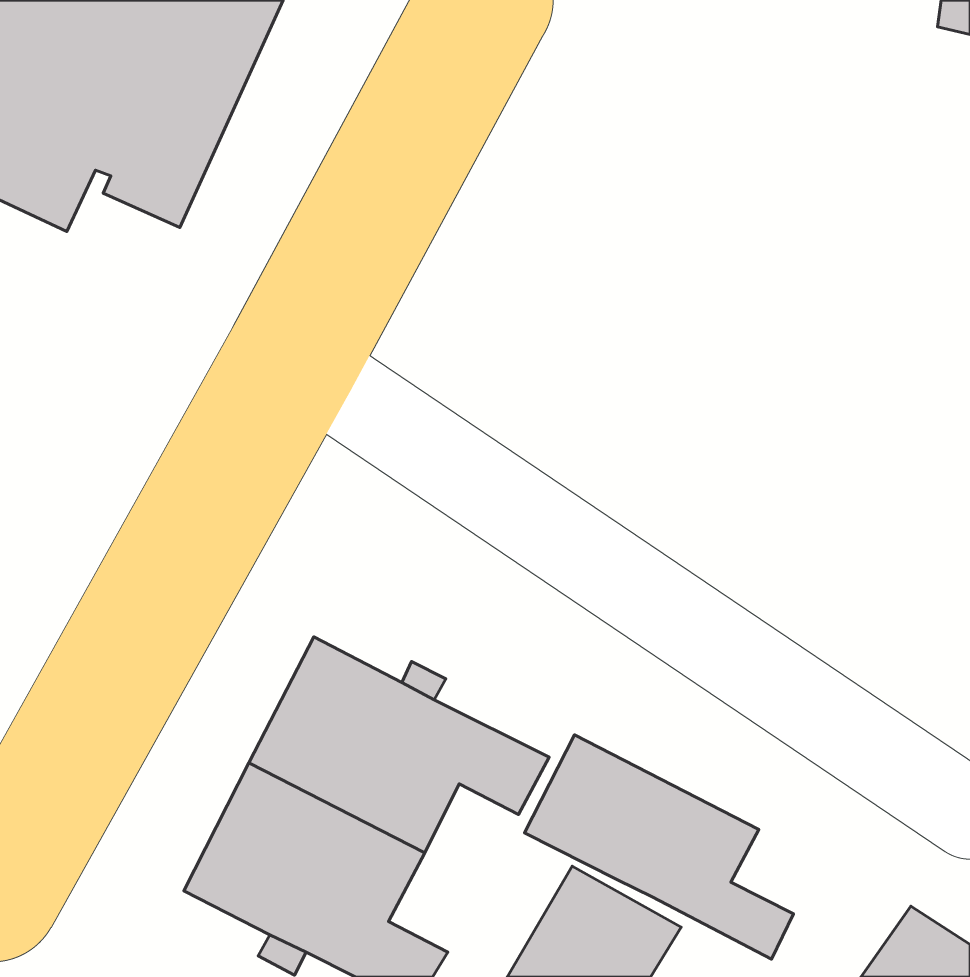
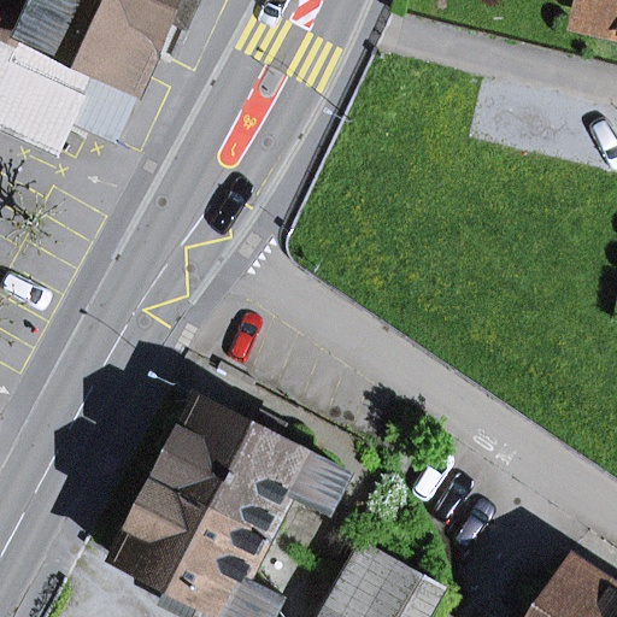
building: [525,735,793,959] -> none

